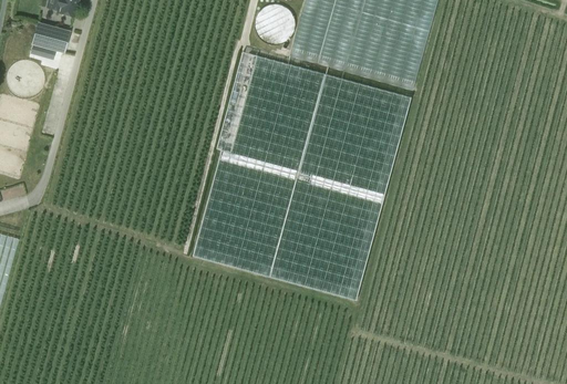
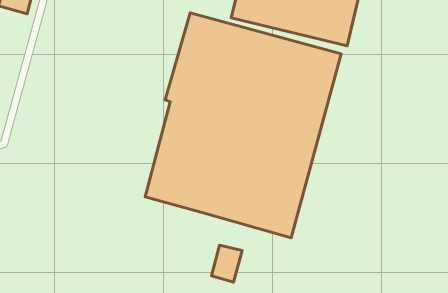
building: none -> [212,245,242,282]

